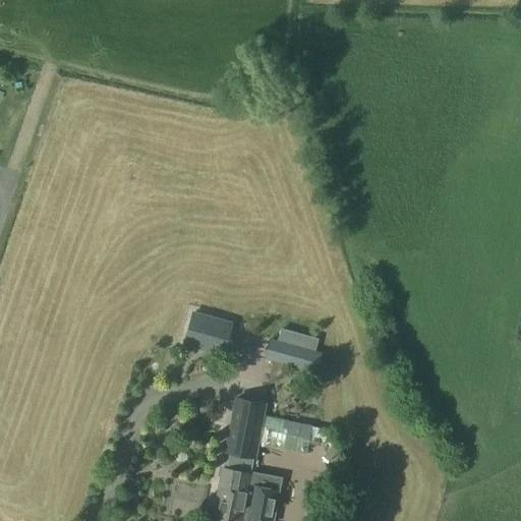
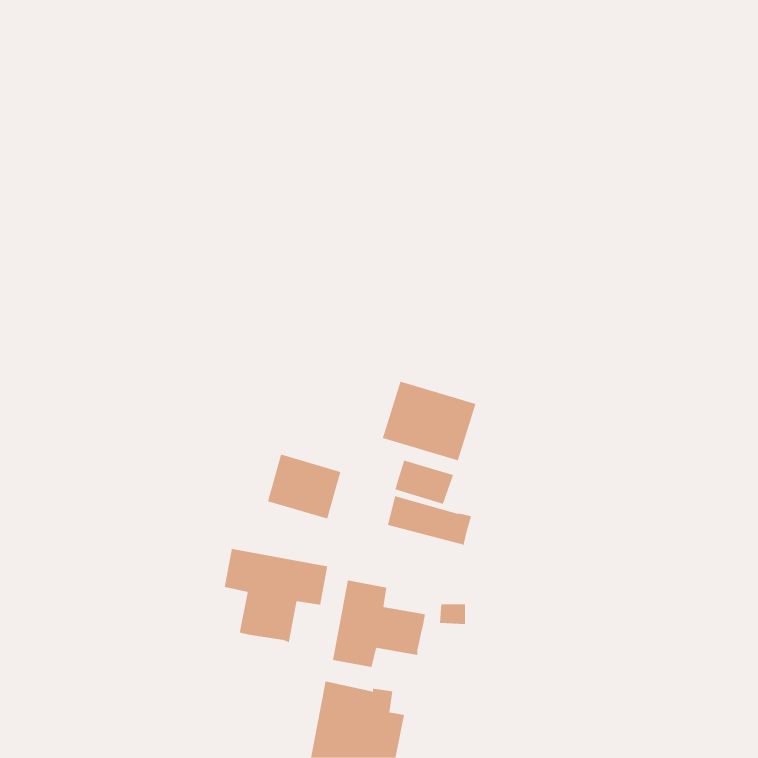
building: none -> [382,381,476,461]
building: none -> [224,548,328,643]

